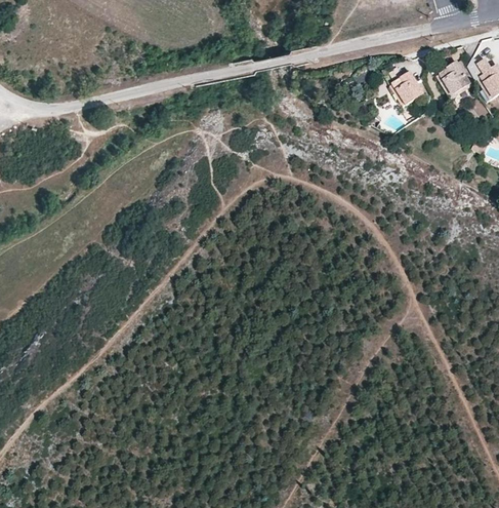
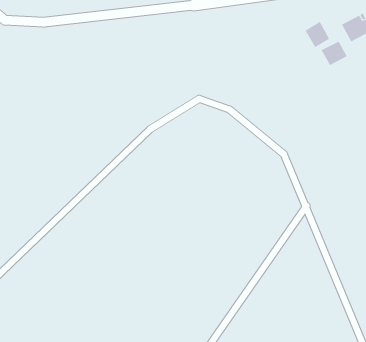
building: none -> [321,41,348,66]

